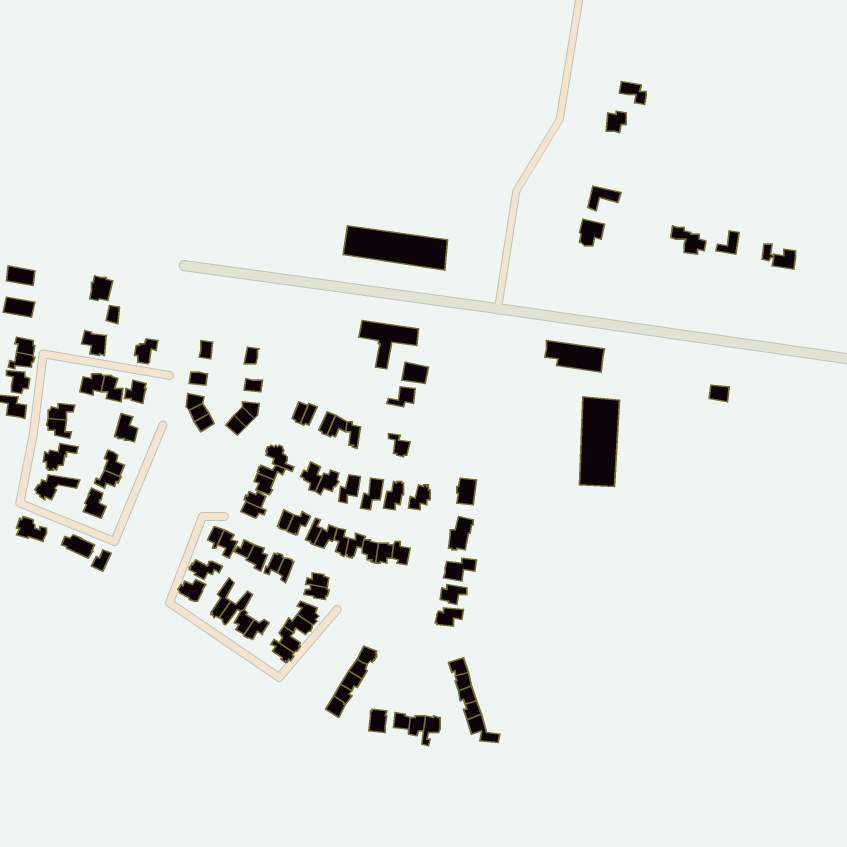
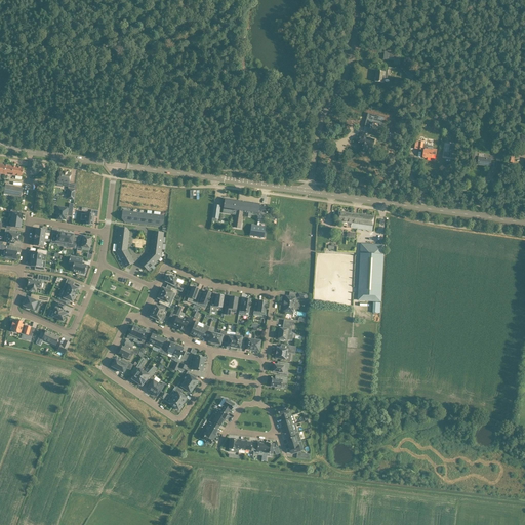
building: [343,226,448,270] -> none

